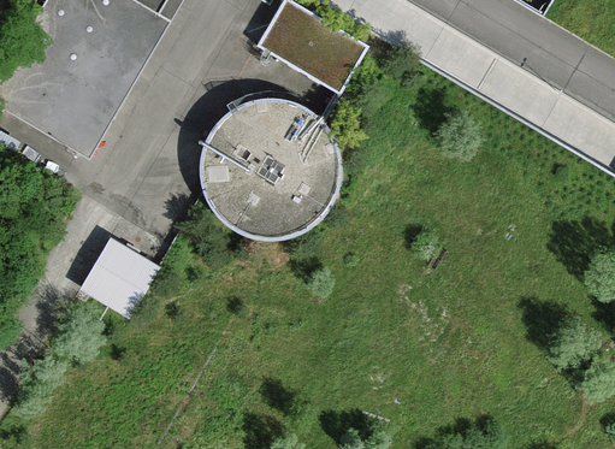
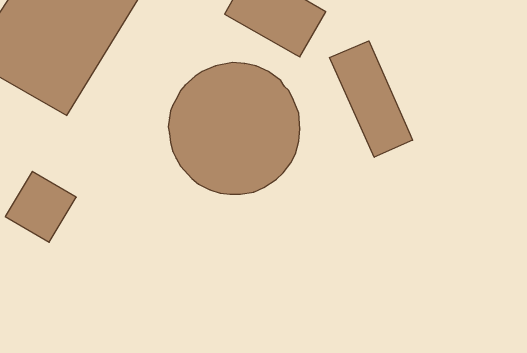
building: none -> [330,41,413,157]
building: [82,238,158,314] -> [5,171,76,242]

